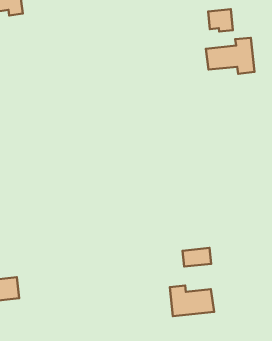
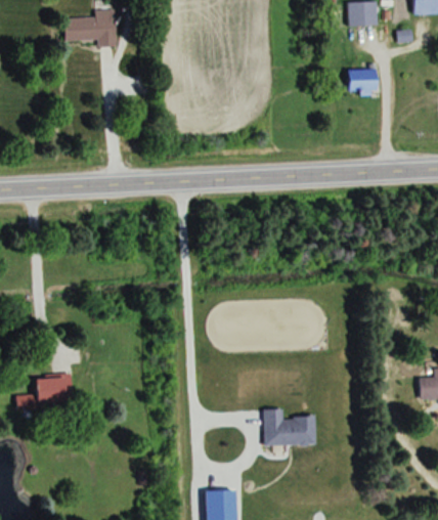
building: [206,38,255,74] -> none
building: [182,248,211,267] -> none

